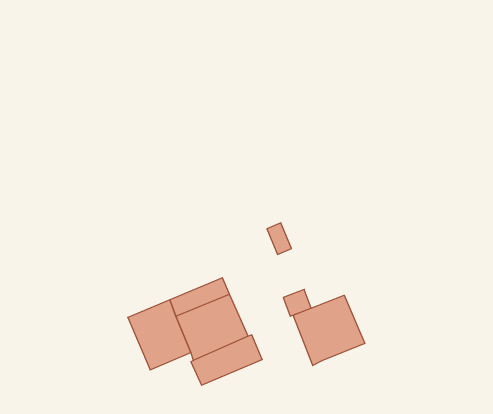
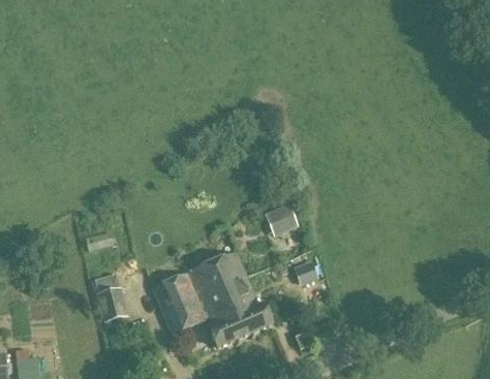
building: [293,295,365,366] -> none
building: none -> [93,273,127,321]

